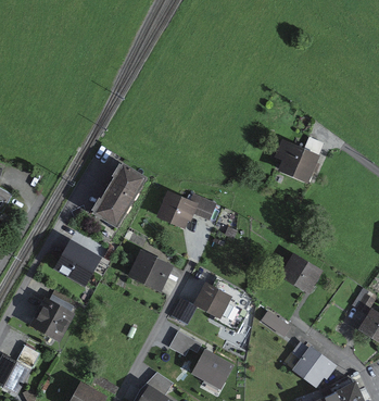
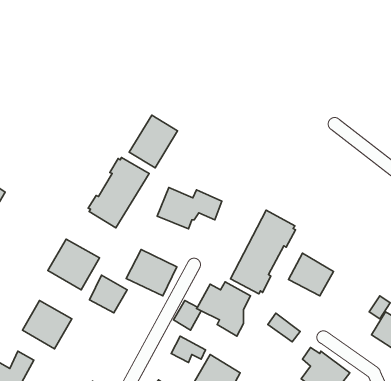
building: none -> [129,115,178,168]
building: [274,139,319,184] -> none
building: none -> [231,210,295,294]
building: none -> [89,275,127,313]

